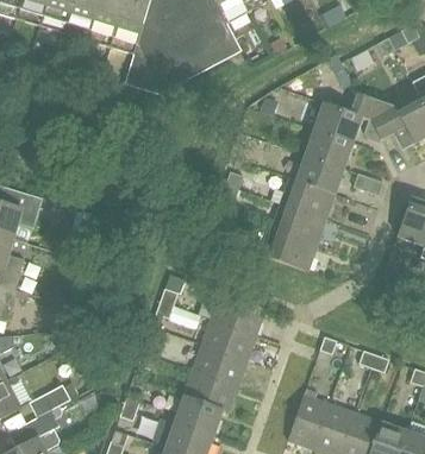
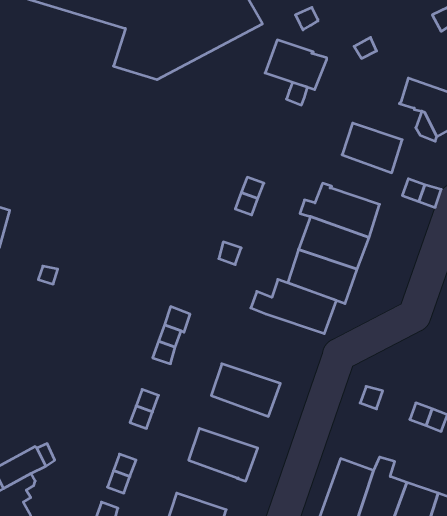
building: [313,102,362,141] -> [265,40,327,90]
building: [295,153,344,193] -> none
building: [198,291,265,334] -> [251,279,336,334]
building: [192,343,246,385] -> none
building: [174,395,223,434] -> none

